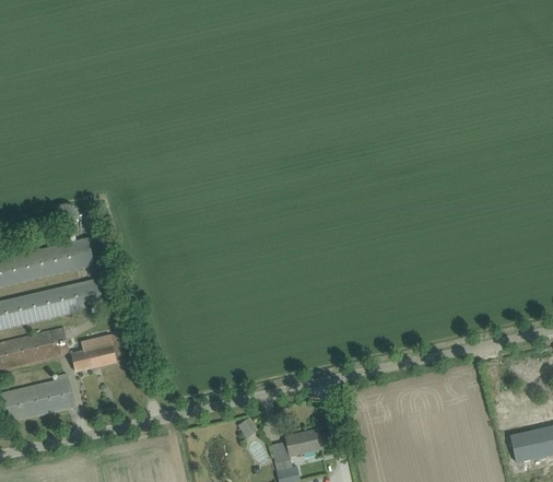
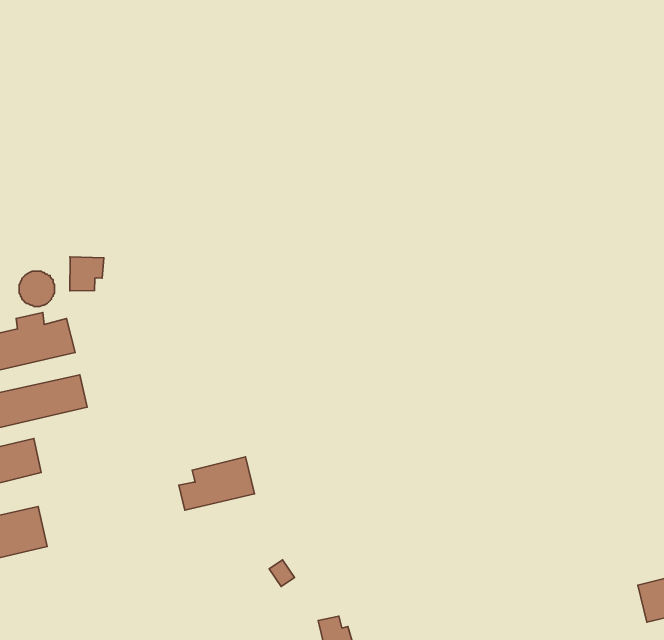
building: none -> [70,257,104,291]
building: [71,332,127,372] -> [179,457,254,510]
building: [284,428,321,456] -> none

